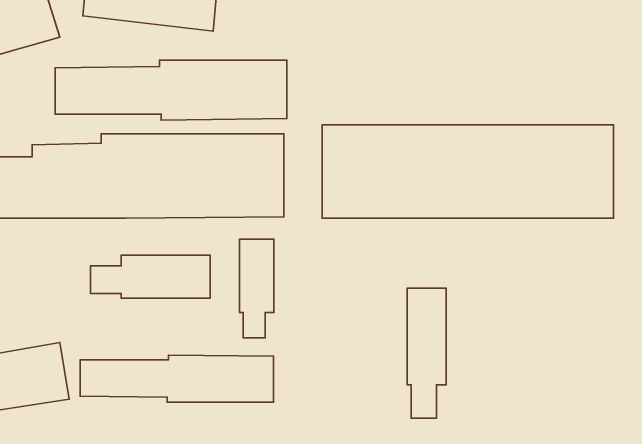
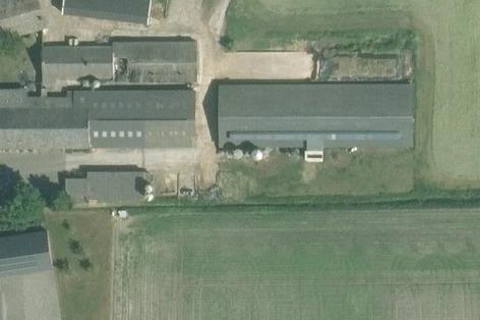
building: [240,239,274,338] -> none
building: [407,288,446,418] -> none
building: [80,355,274,402] -> none

